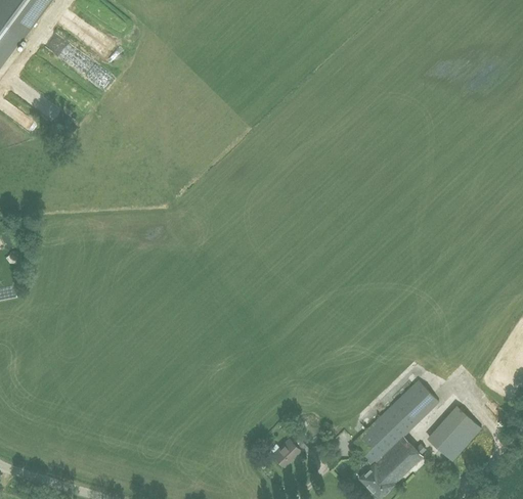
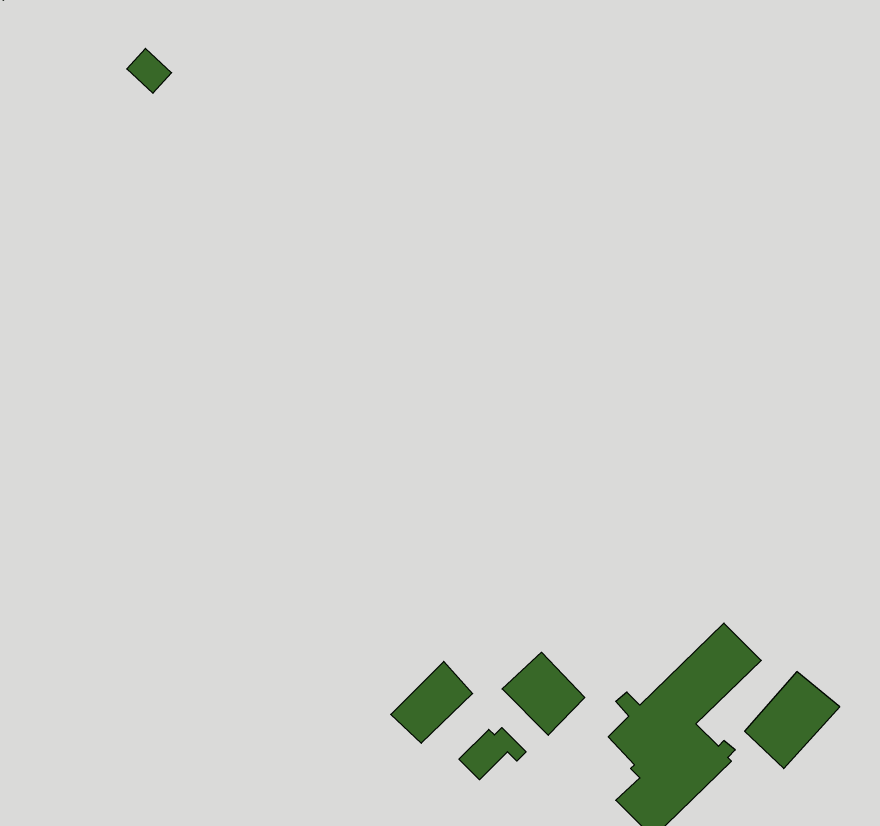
building: none -> [502,652,585,735]
building: none -> [391,661,473,743]

